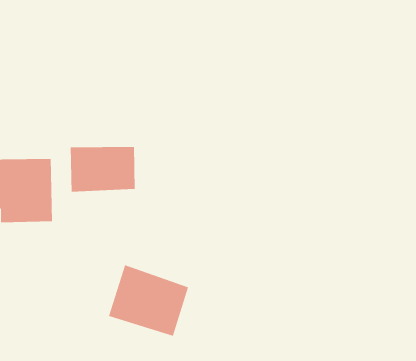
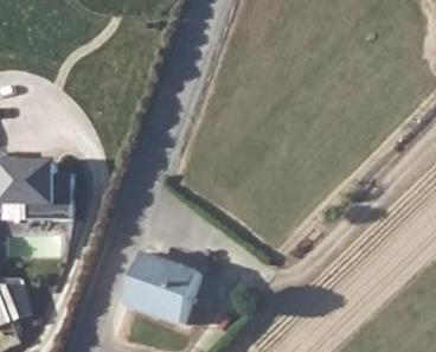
building: [70,146,135,193] -> none

